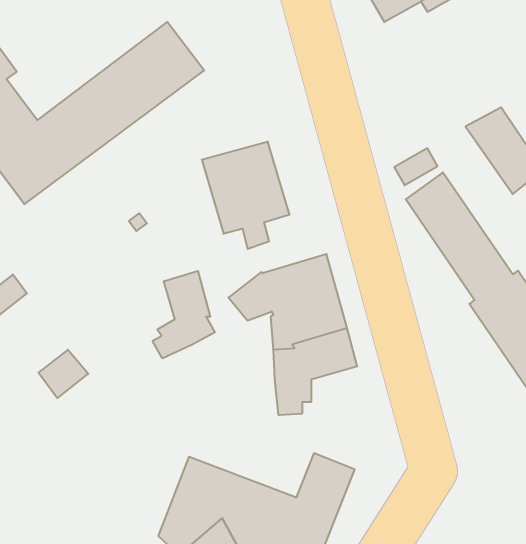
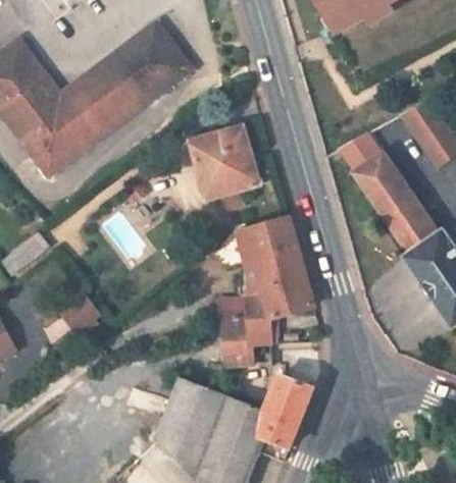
building: none -> [33,22,161,109]
building: [153,271,215,358] -> none
building: none -> [220,316,252,365]

